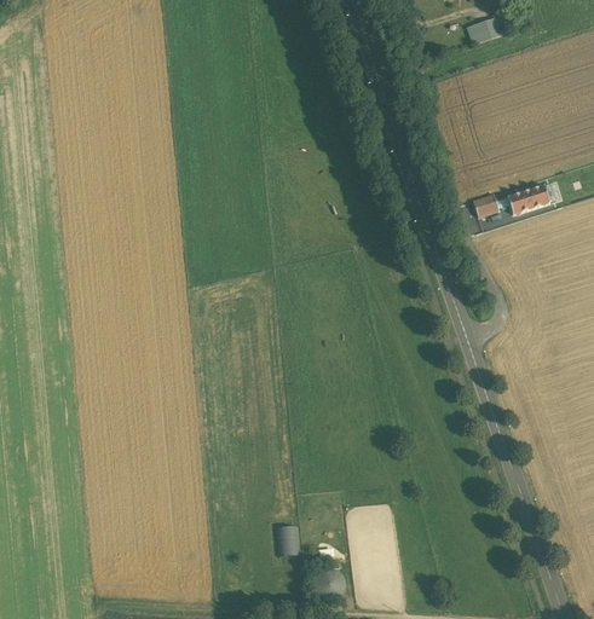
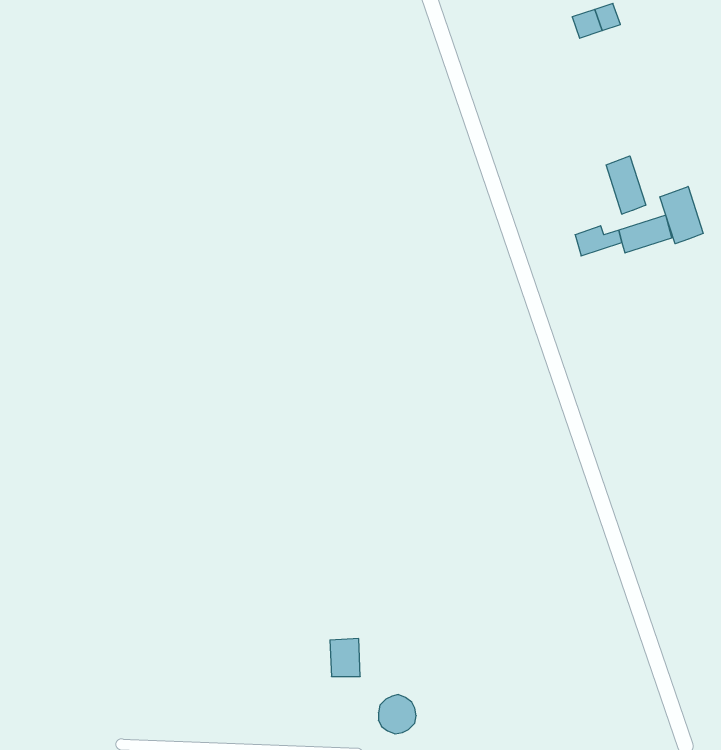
building: none -> [606,156,646,214]
building: none -> [660,186,703,244]

